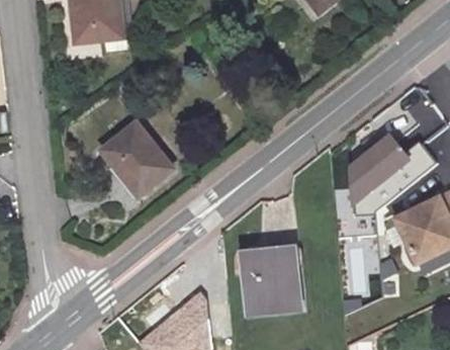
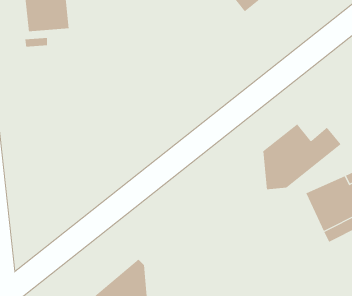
building: [102,125,171,196] -> none
building: [242,250,298,312] -> none

